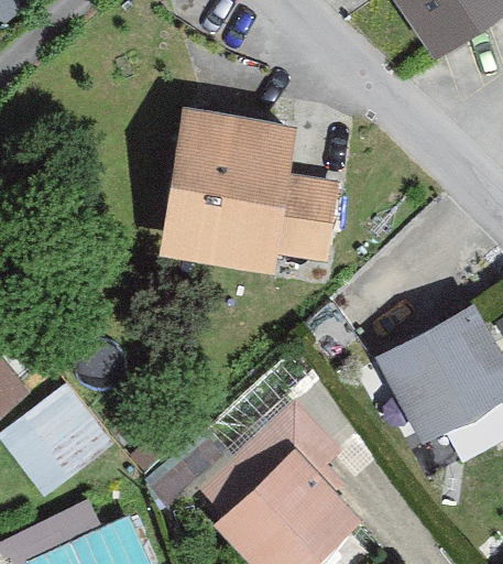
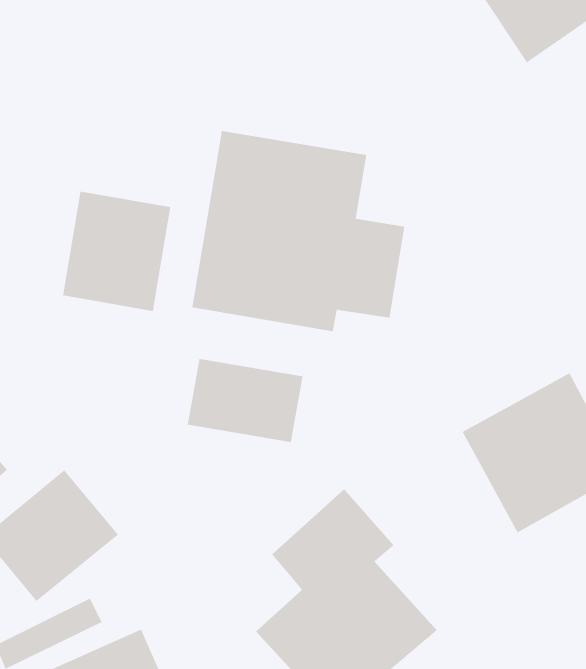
building: none -> [62,191,171,312]
building: none -> [187,358,303,443]

